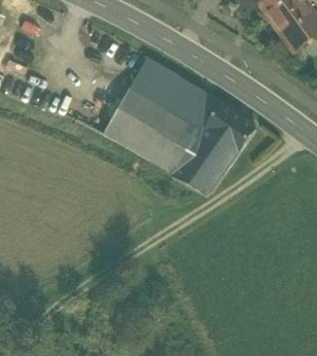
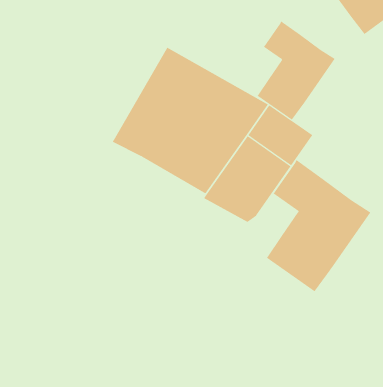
building: none -> [257,20,336,120]
building: none -> [266,159,371,292]

